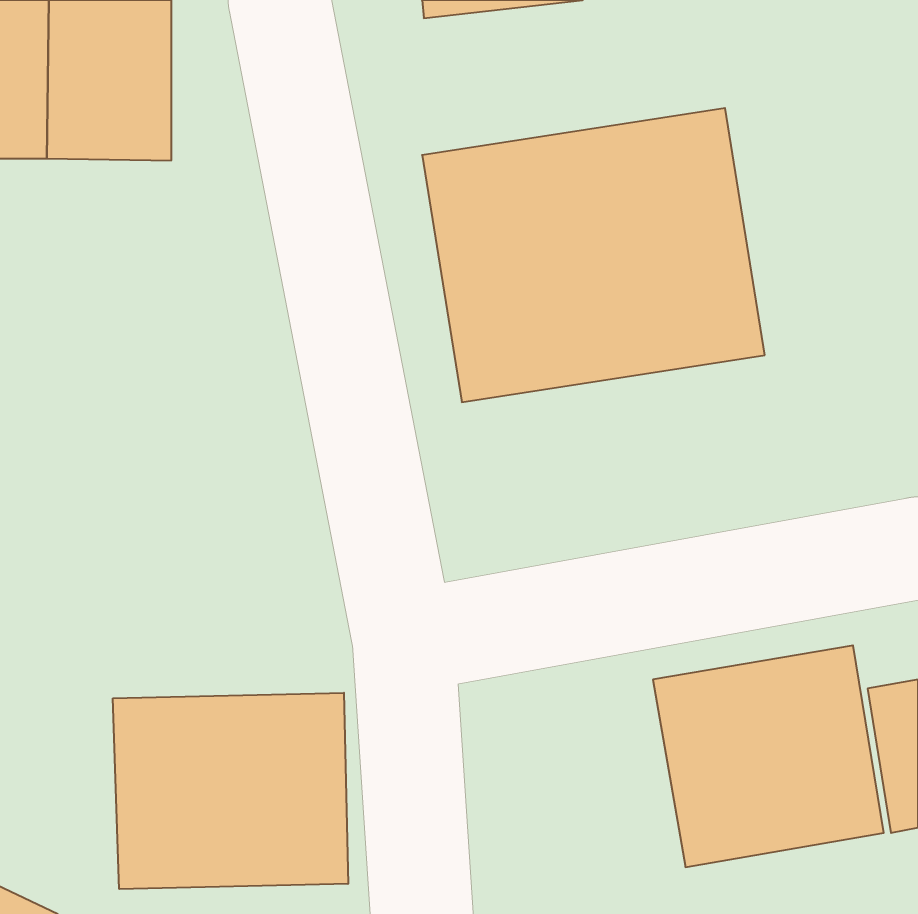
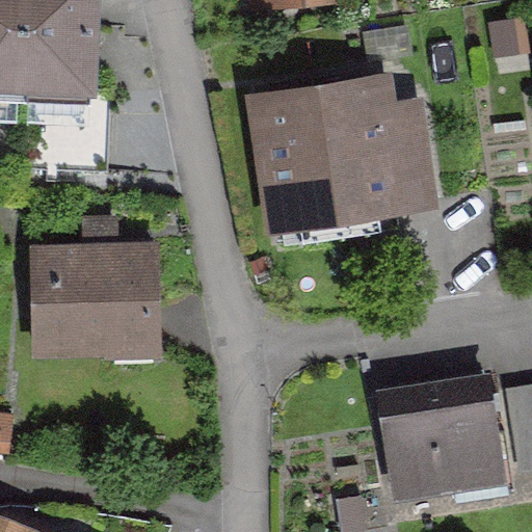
building: none -> [29,240,159,358]
building: [113,693,348,889] -> none

